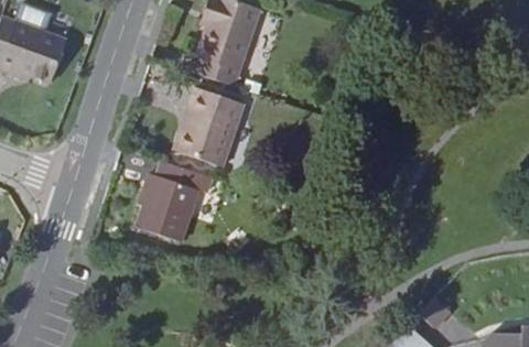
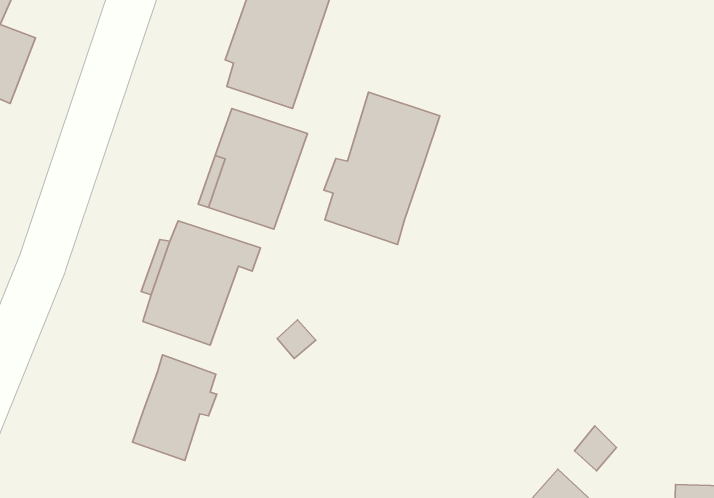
building: none -> [324,92,440,245]
building: none -> [132,355,217,460]

